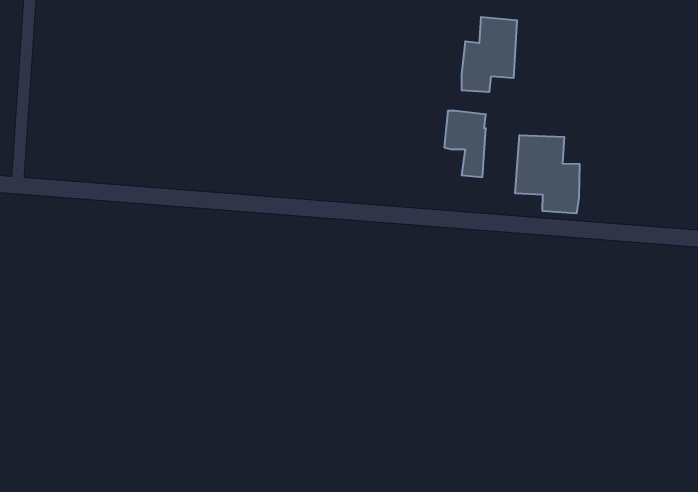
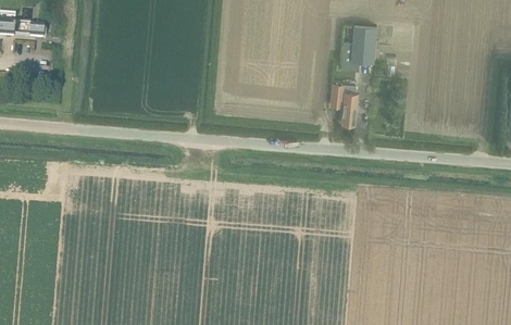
building: [515,135,580,213] -> none

